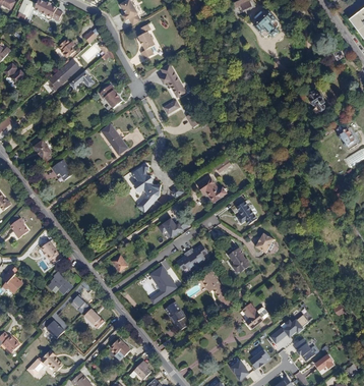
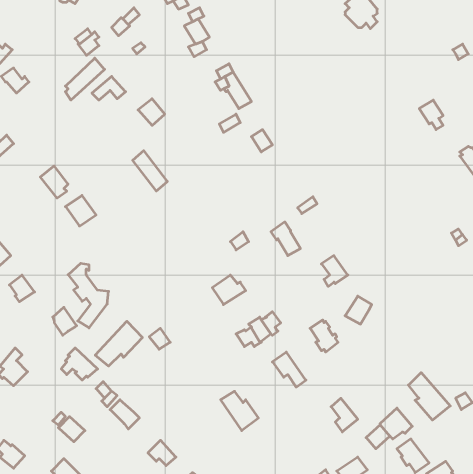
building: [131,166,161,213] -> [68,263,109,328]
building: none -> [95,321,142,366]
building: [147,267,177,304] -> none
building: none -> [408,373,450,420]

